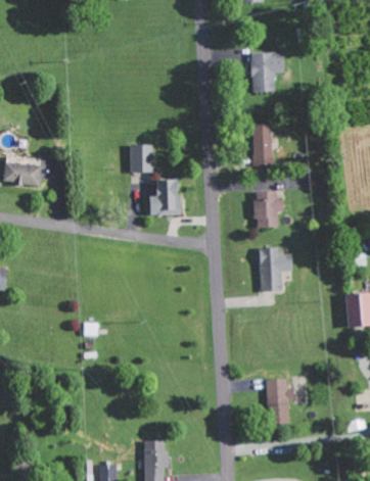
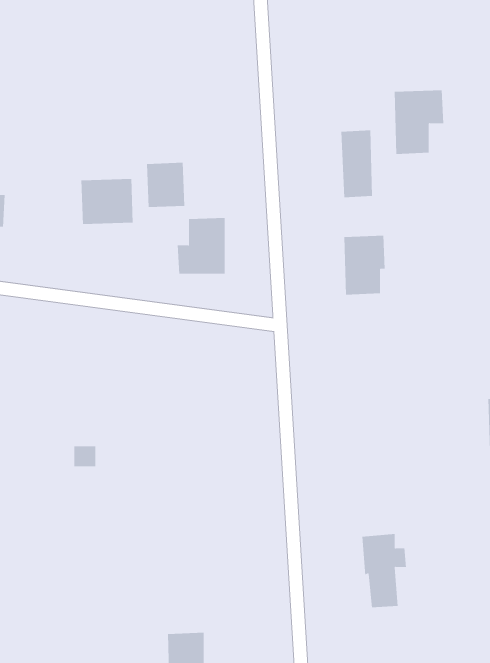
building: [252,51,284,92] -> [394,90,444,155]
building: none -> [81,178,133,225]
building: [260,247,292,291] -> none

